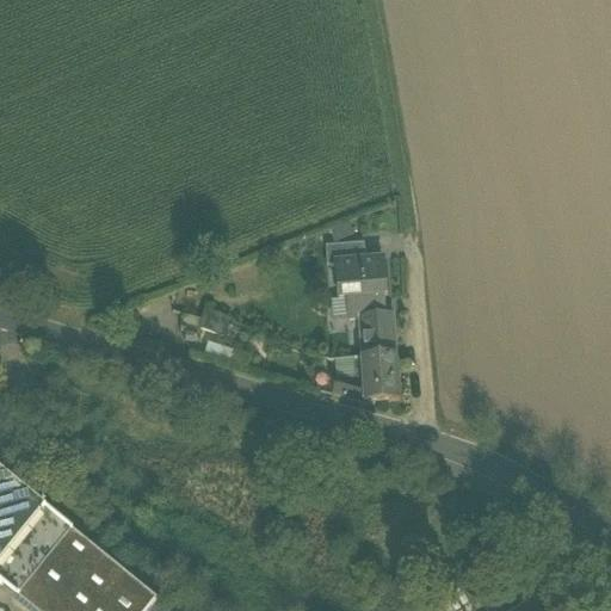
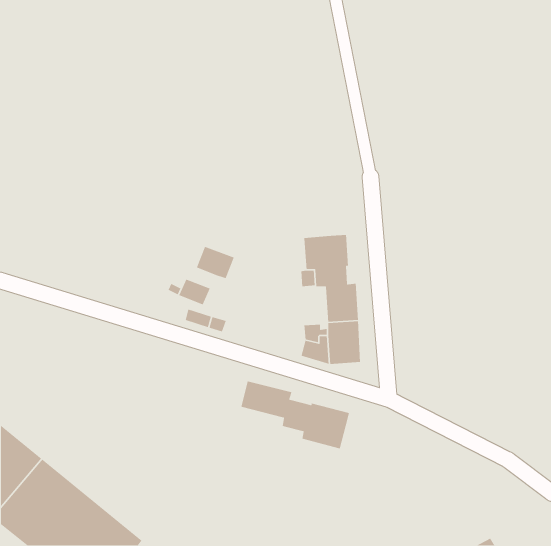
building: [327,242,366,265] -> none
building: none -> [196,246,235,279]
building: none -> [240,381,350,449]

